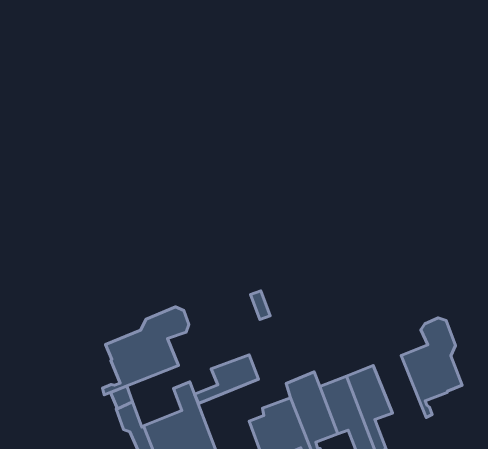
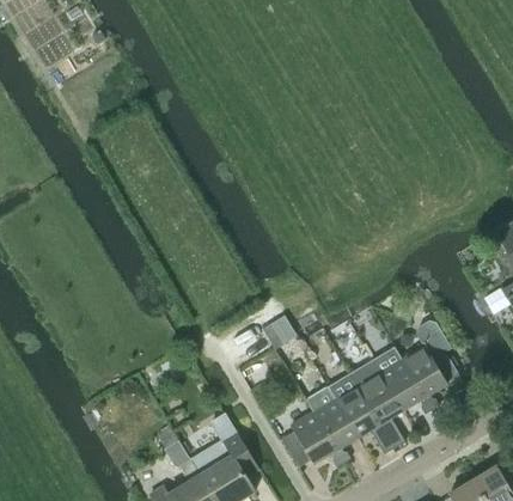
building: [102,307,189,395] -> none
building: [194,355,259,403] -> none
building: none -> [380,358,434,414]

